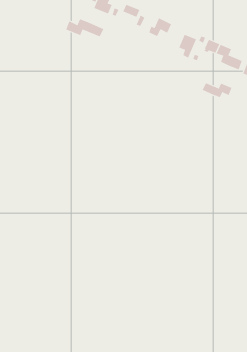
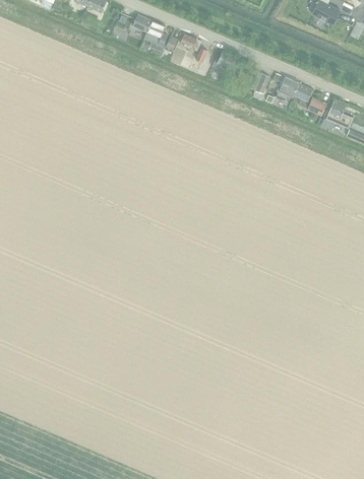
building: [66,19,104,37] -> none
building: [202,82,232,98] -> none

